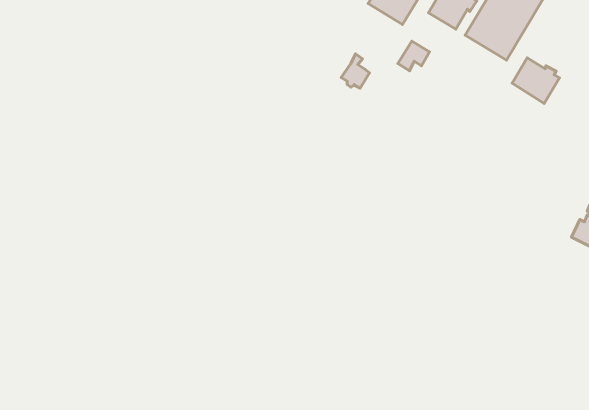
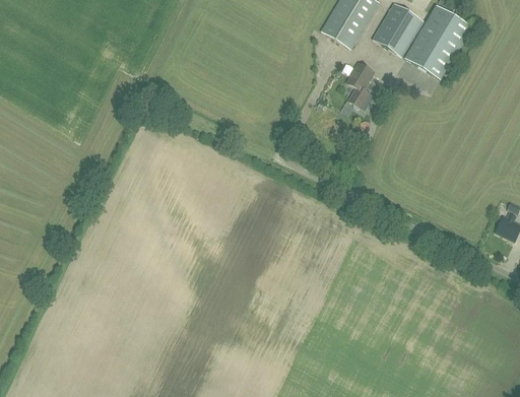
building: [341,54,370,88] -> [349,79,374,109]
building: [512,58,559,103] -> none

